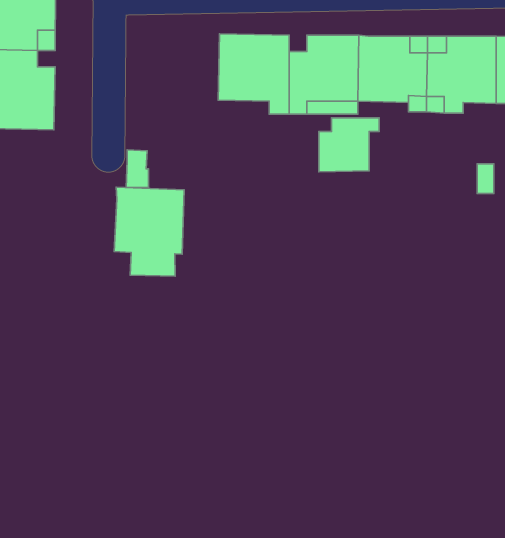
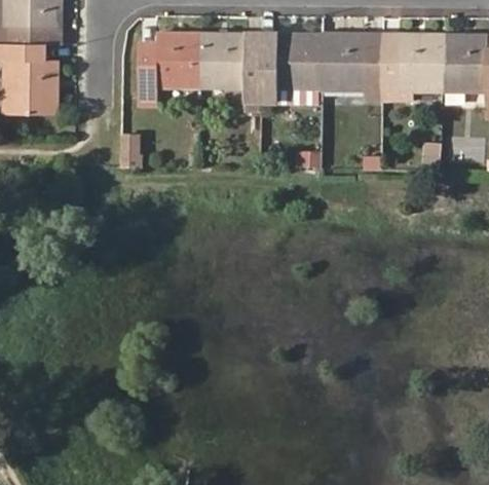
building: none -> [140,31,202,99]
building: [319,118,379,172] -> none
building: [114,187,184,276] -> none

